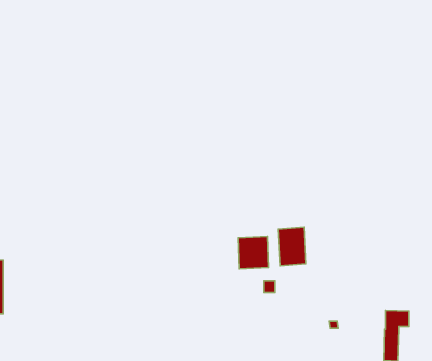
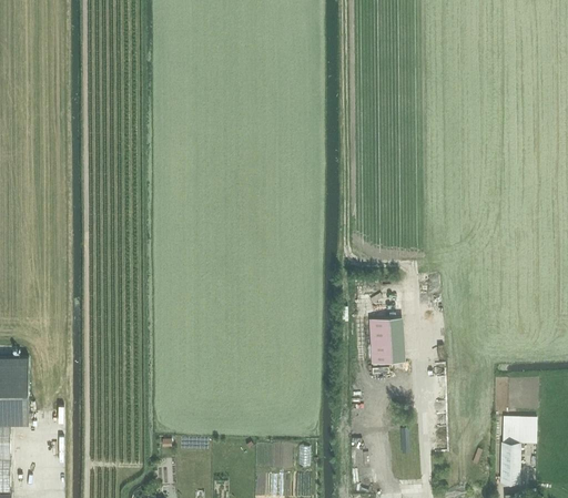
building: [238,236,269,269] -> none

